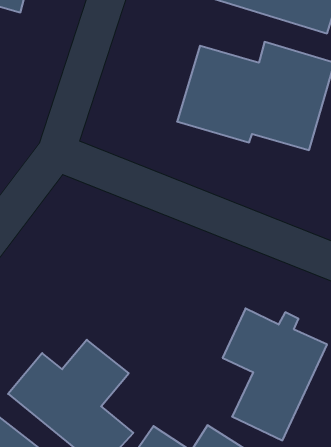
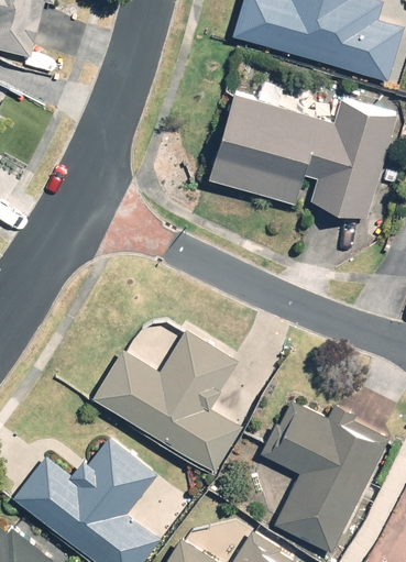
building: none -> [94,330,243,474]

